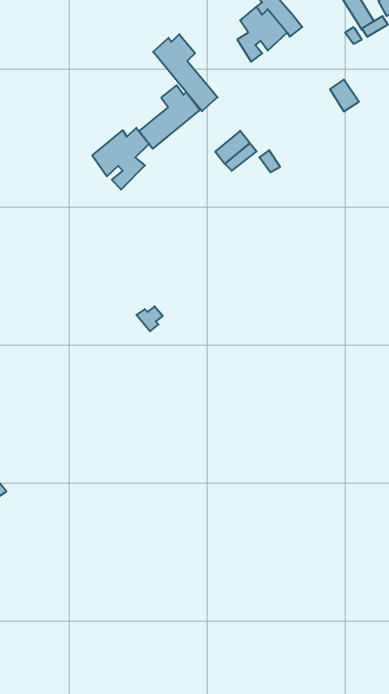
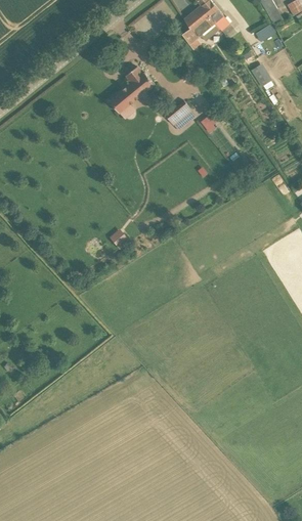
building: [153,34,218,111] -> none
building: [92,128,149,190] -> none

